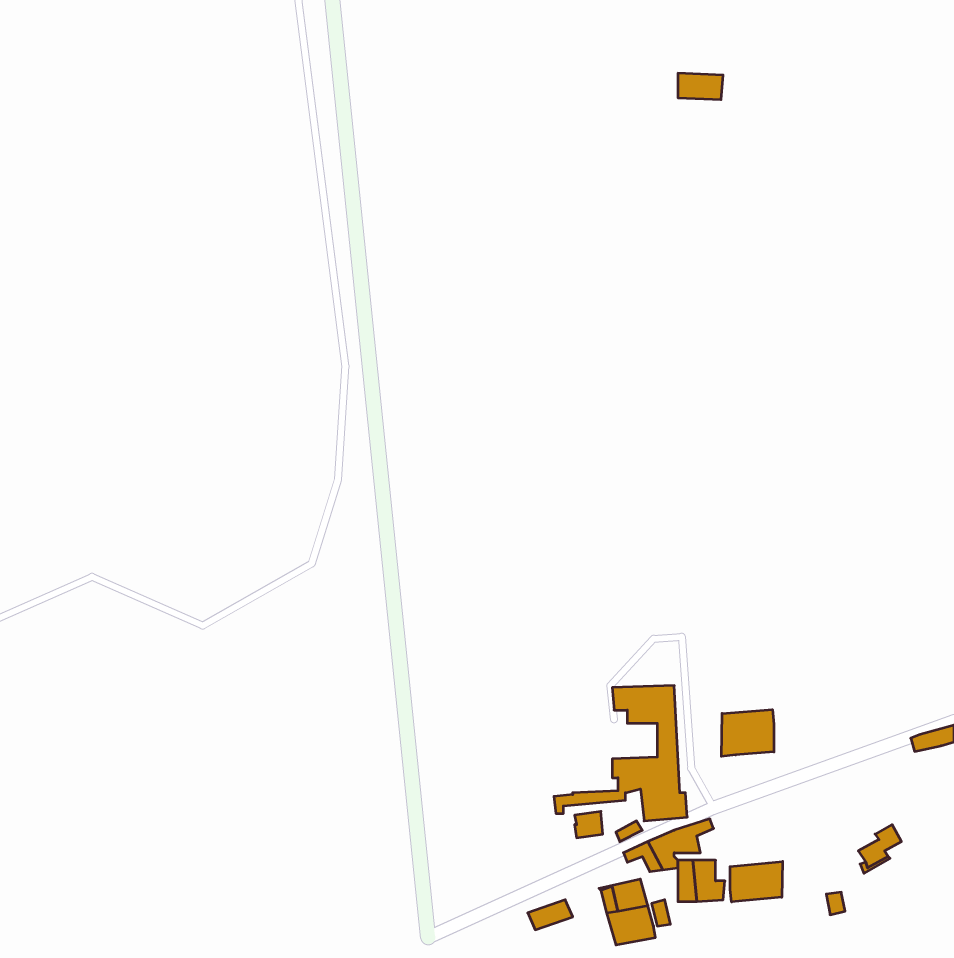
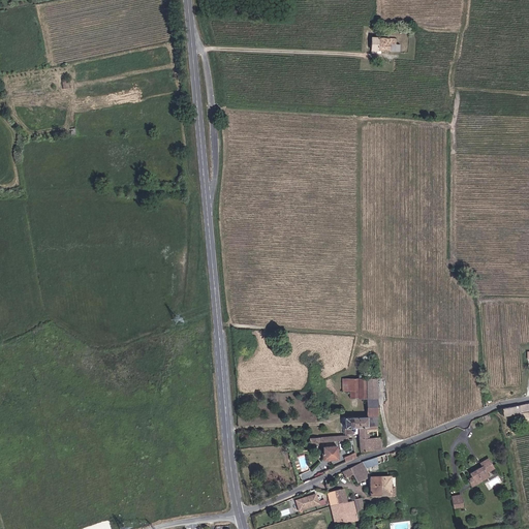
building: [721,710,774,756] -> none
building: [730,861,783,902] -> none

